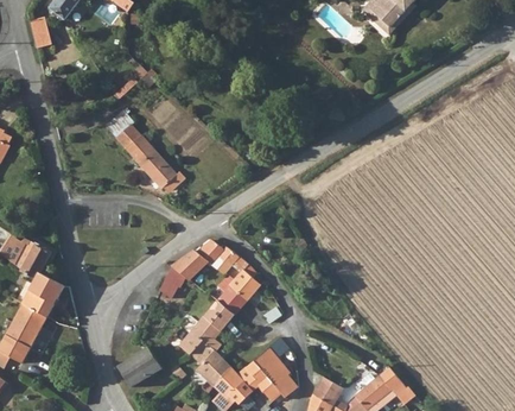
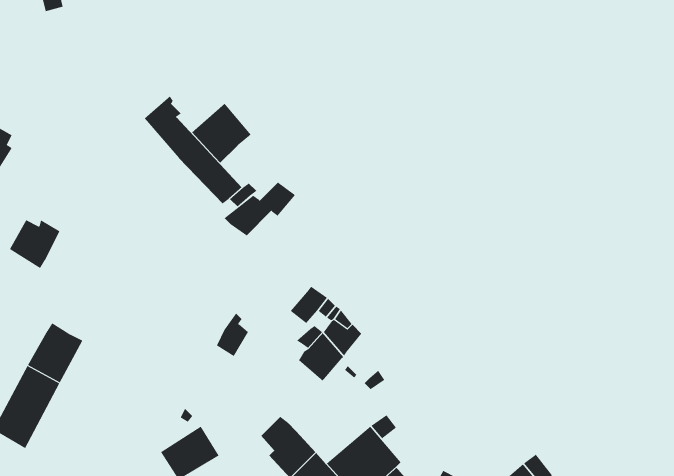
building: none -> [191,103,252,163]
building: [172,239,224,278] -> [224,182,296,236]
building: [13,242,50,278] -> [9,220,60,269]
building: [179,299,235,354] -> none

